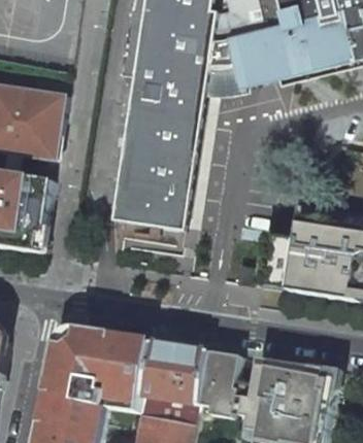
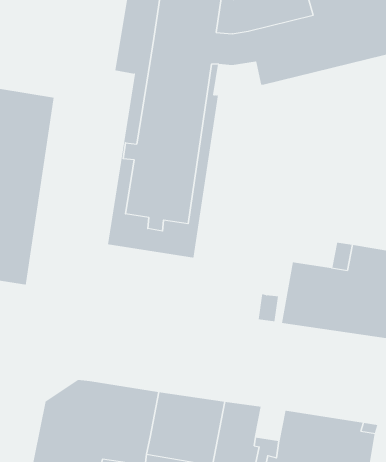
building: [200,65,242,94] -> none

